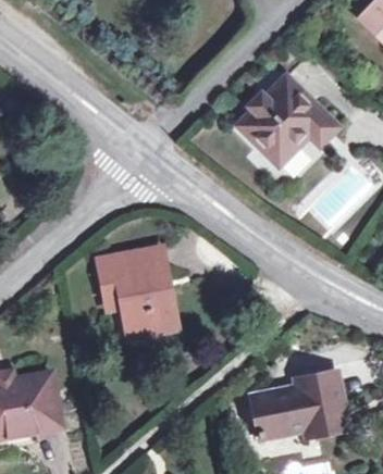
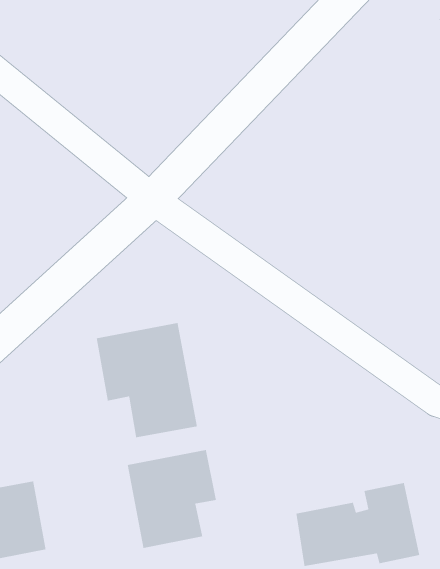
building: [233,73,332,162] -> none
building: none -> [127,449,217,549]

